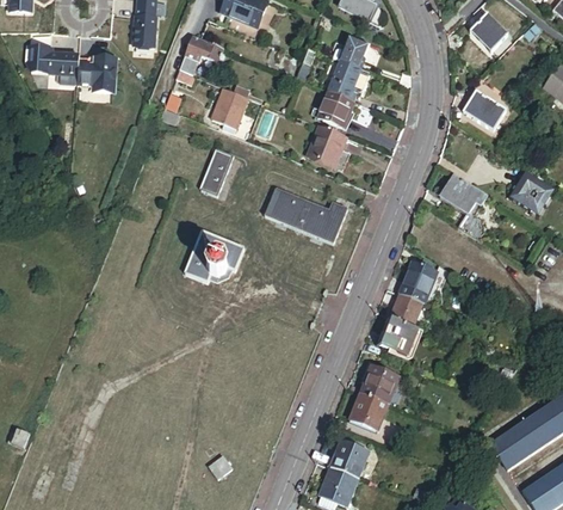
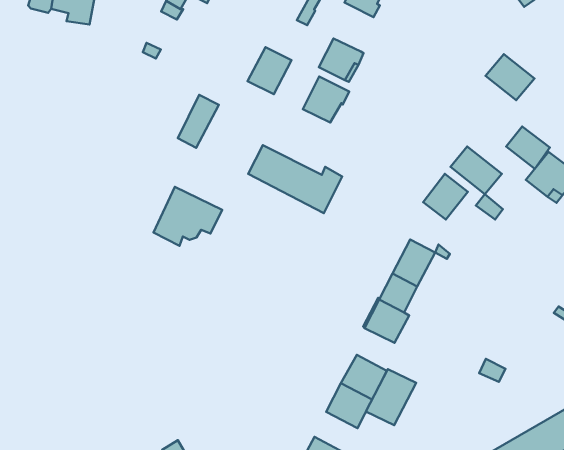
building: [328,59,371,98] -> none
building: [210,86,247,127] -> [248,47,292,94]
building: none -> [506,126,550,169]
building: none -> [423,174,468,219]
building: none -> [366,369,416,425]

